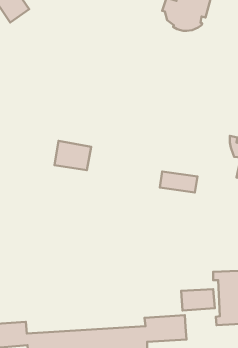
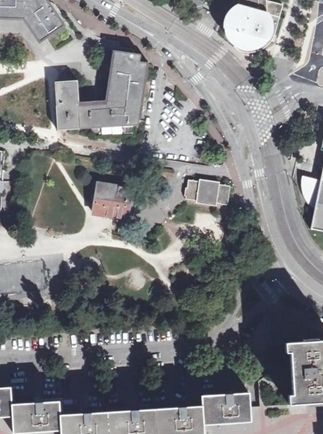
building: none -> [55,51,148,131]
building: [160,172,197,192] -> [186,180,231,205]
building: [181,289,215,311] -> none

